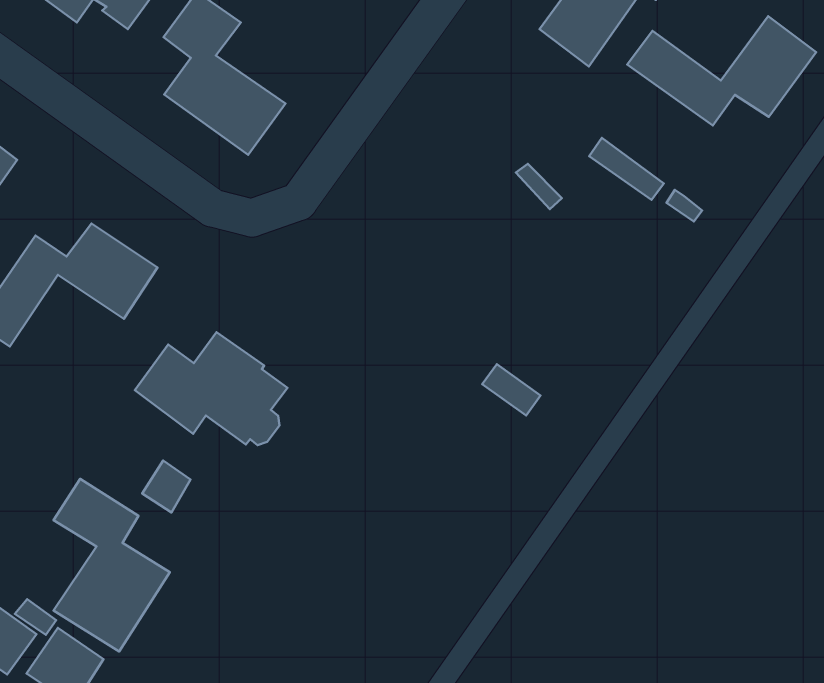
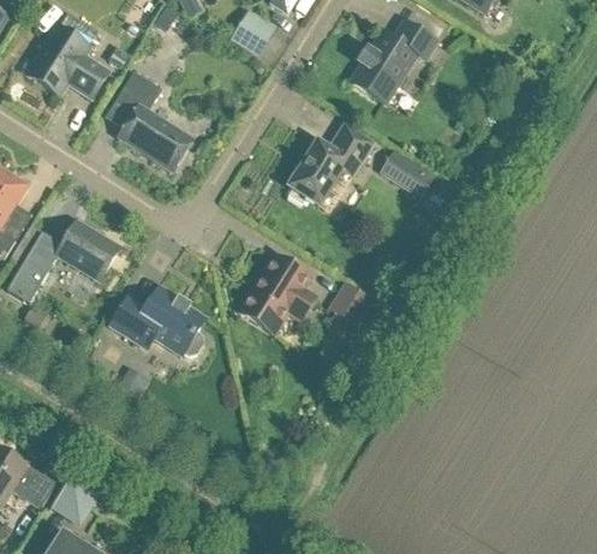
building: [627,16,816,125] -> none
building: none -> [287,124,372,205]
building: none -> [237,254,316,334]
building: [53,479,170,652] -> none

